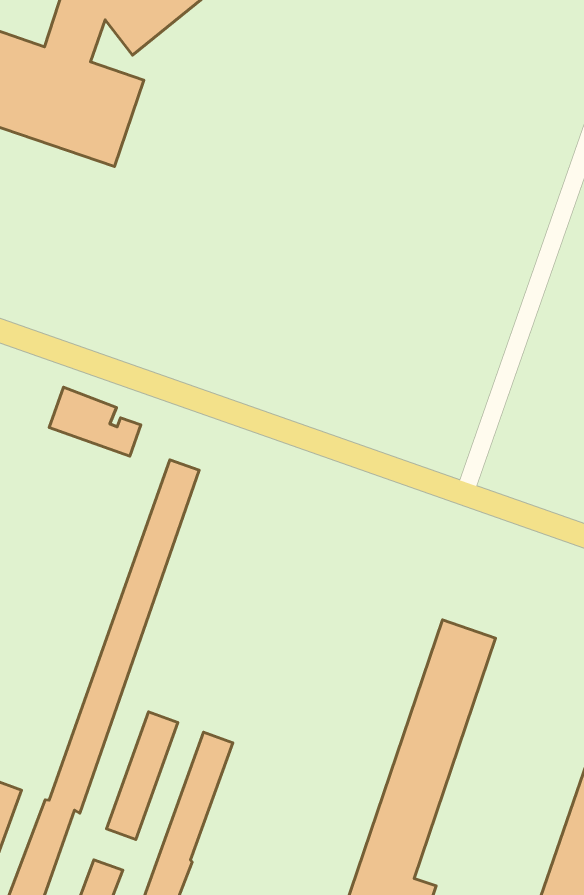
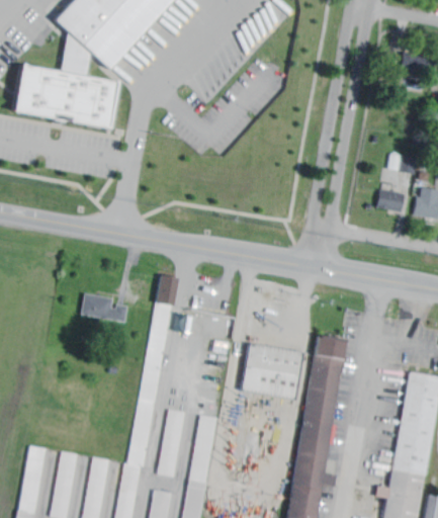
building: [49,387,141,456] -> [81,292,128,323]
building: none -> [241,343,303,401]

